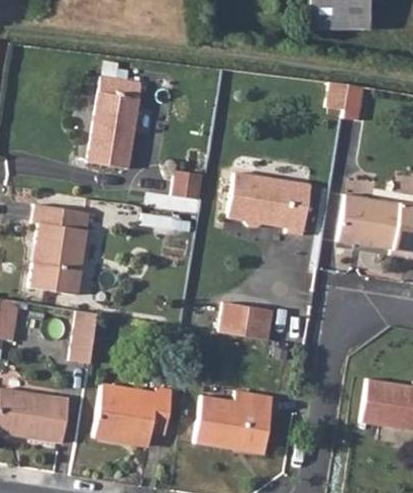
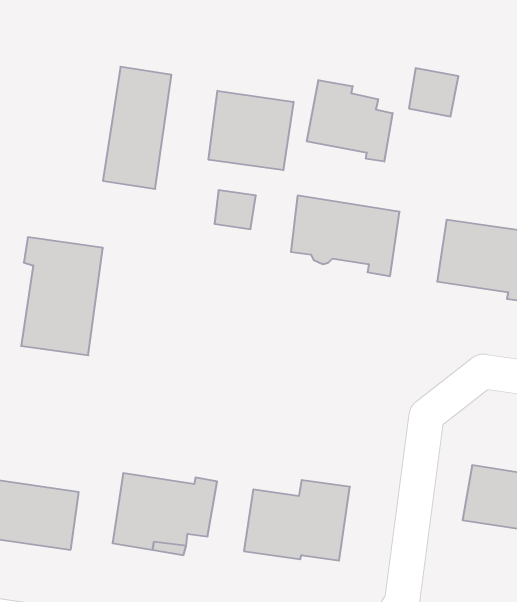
building: none -> [307,80,393,162]
building: none -> [208,91,293,170]
building: [219,303,274,340] -> none
building: [71,311,99,365] -> none

